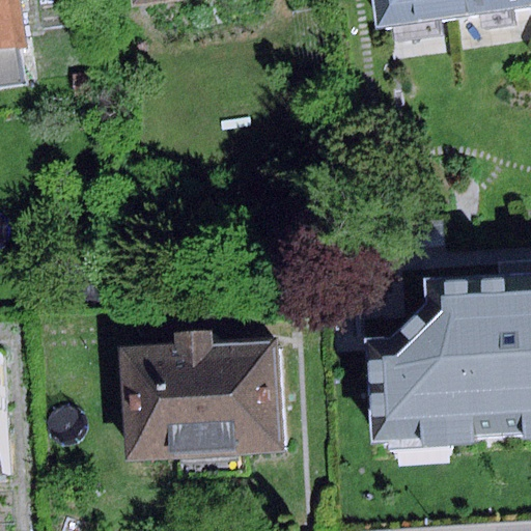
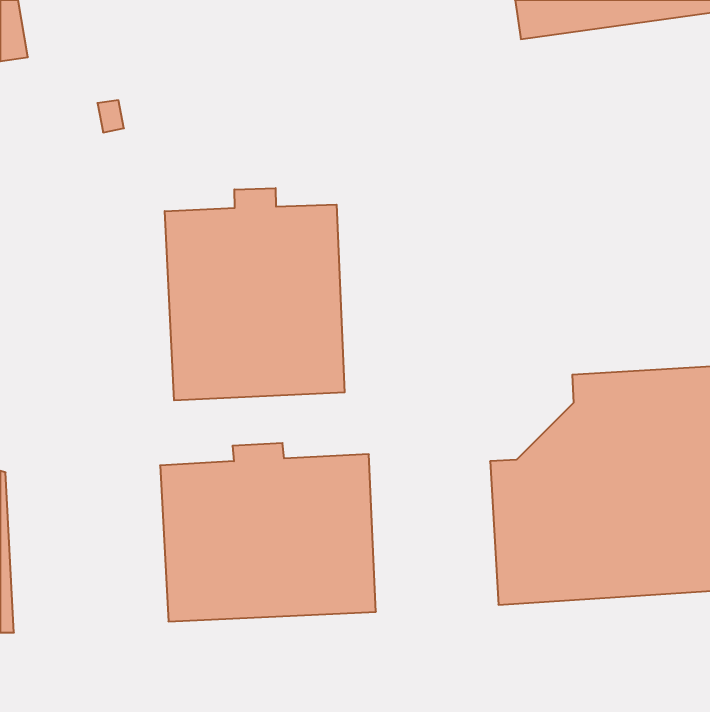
building: none -> [165,188,345,400]

